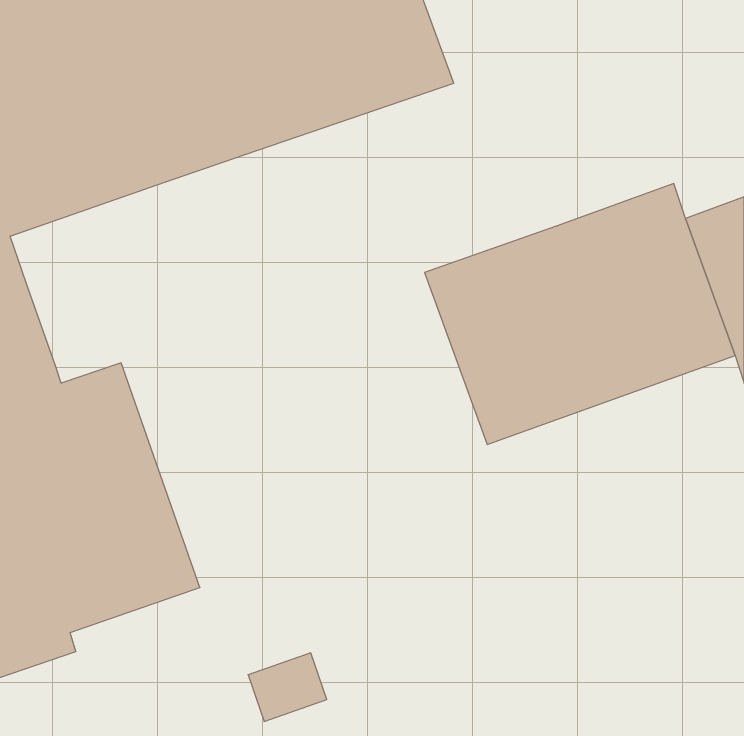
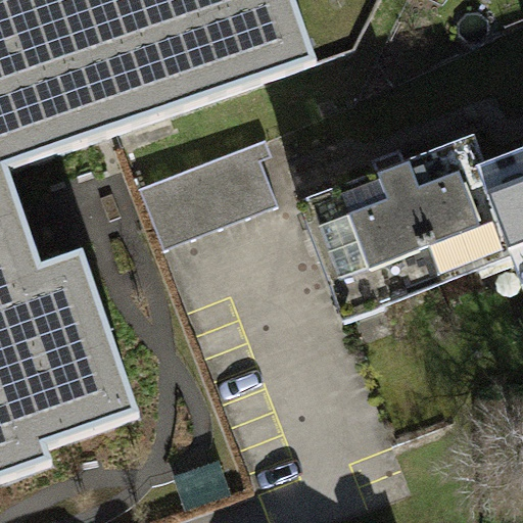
building: none -> [137,139,279,248]

